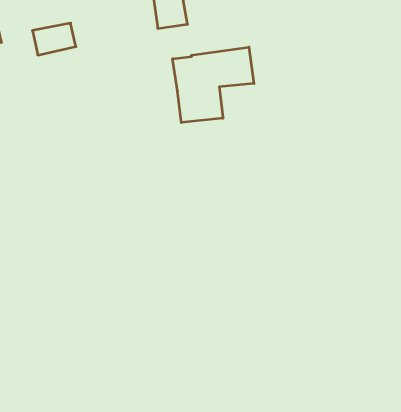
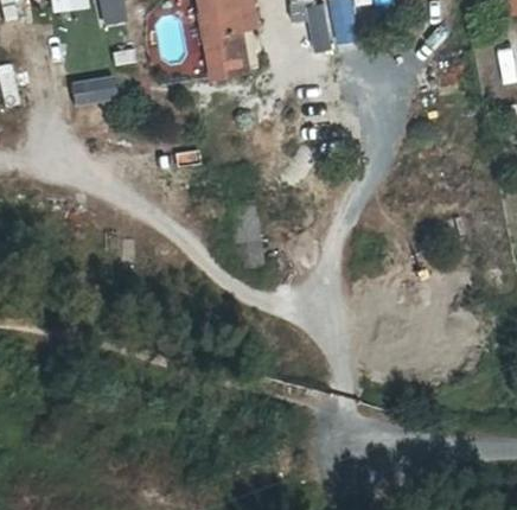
building: [173,47,254,123] -> none

